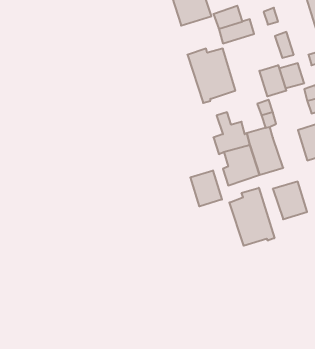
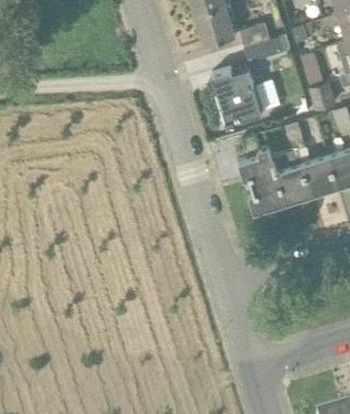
building: [259,65,286,96] -> none
building: [190,170,222,206] -> none
building: [273,182,307,219] -> [301,152,338,192]
building: [229,188,274,246] -> none

